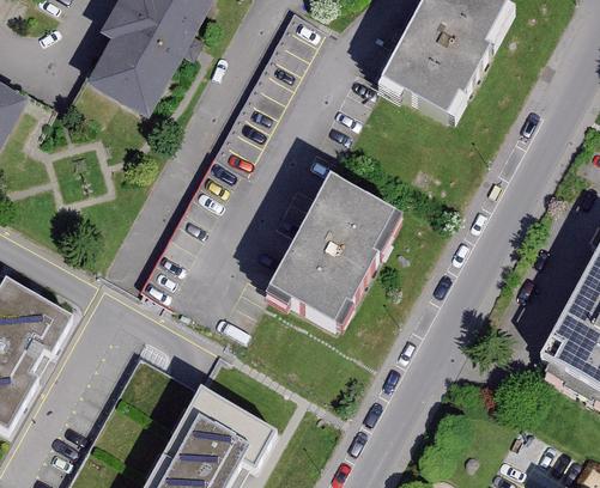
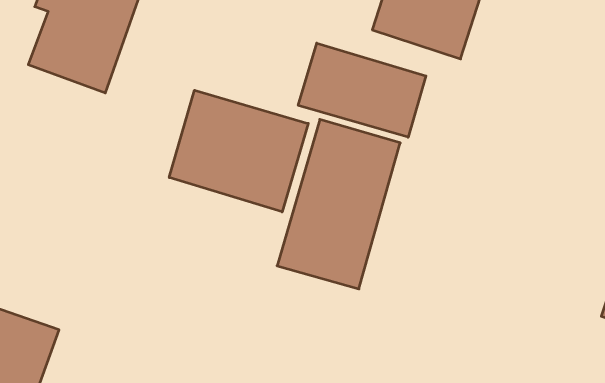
building: none -> [298,43,426,137]
building: none -> [169,90,308,212]

